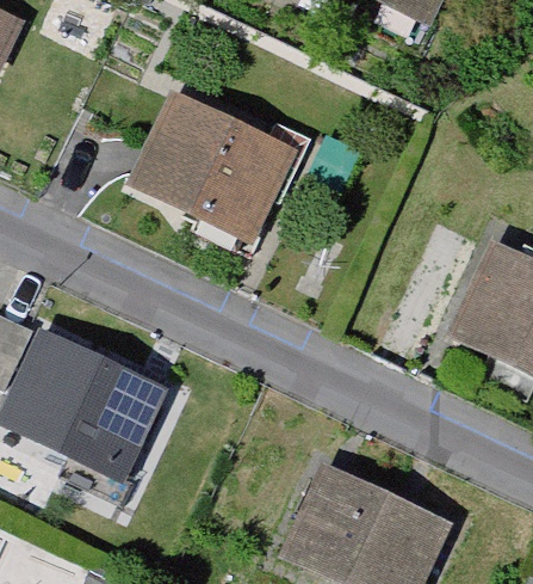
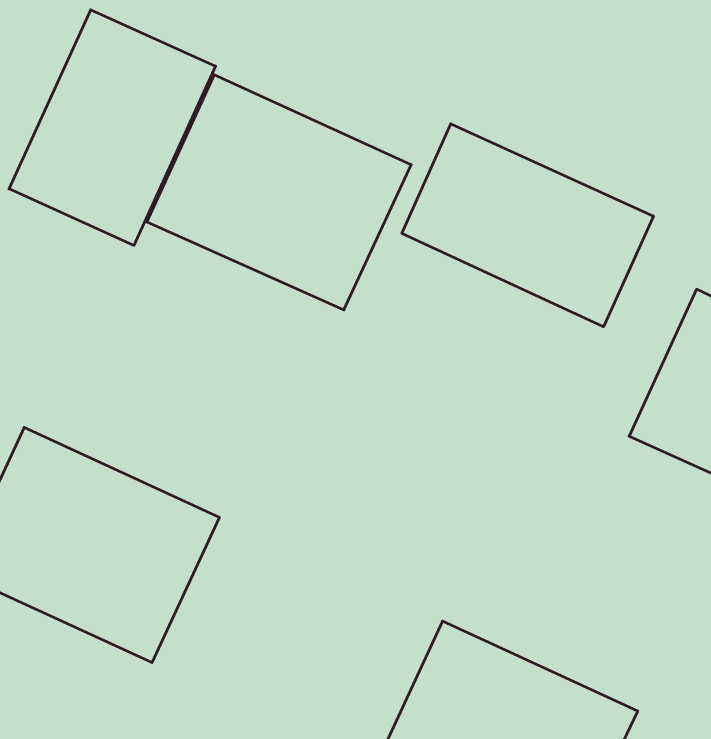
building: none -> [9,10,216,245]
building: none -> [402,124,653,327]

